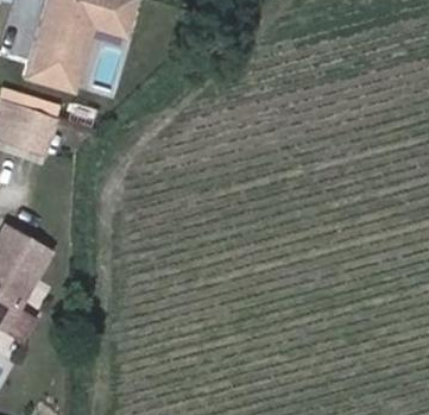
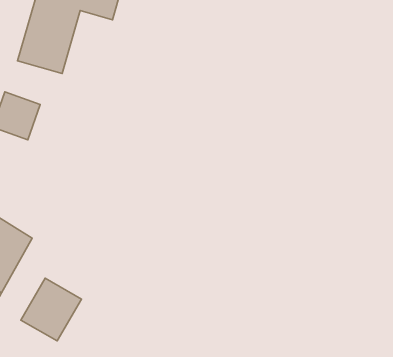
building: none -> [21,278,81,341]

